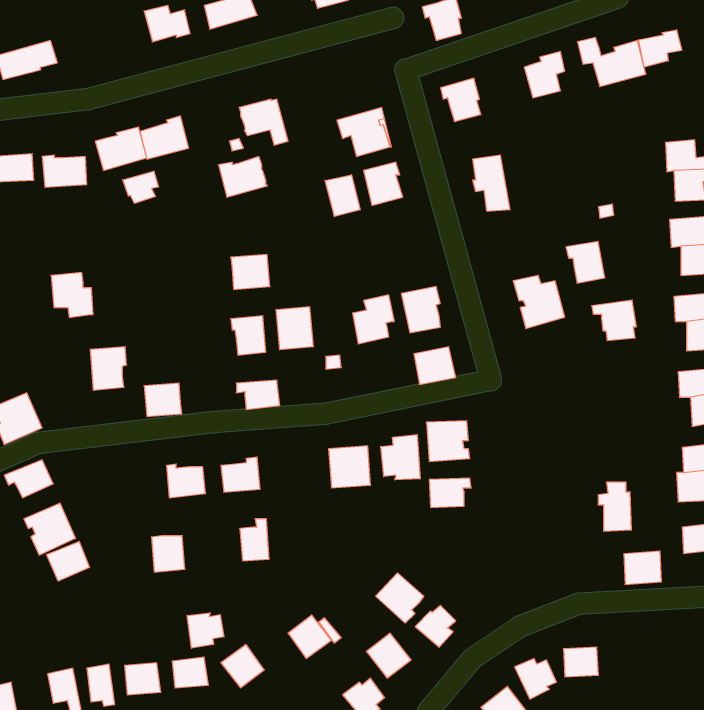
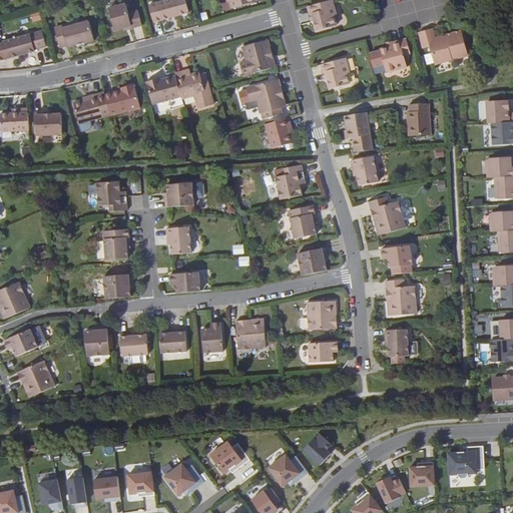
building: none -> [52,20,92,46]
building: [638,30,682,67] -> none
building: none -> [237,39,273,74]
building: none -> [407,102,430,135]
building: [218,157,267,197] -> [144,74,179,103]
building: [123,171,159,203] -> none
building: [325,175,360,217] -> none
building: [566,241,605,283] -> [353,156,381,186]
building: [51,273,93,317] -> [99,180,129,212]
building: [352,295,394,344] -> [278,164,308,199]
building: [592,300,636,341] -> [383,245,415,275]
building: [276,307,313,350] -> none
building: [90,347,127,390] -> [106,228,132,260]
building: none -> [388,280,419,317]
building: [381,435,420,480] -> none
building: [598,482,632,531] -> [387,323,411,358]
building: [240,519,269,561] -> [204,323,225,353]
building: [151,536,185,572] -> [86,330,110,356]
building: [47,541,89,581] -> none
building: [624,551,661,585] -> [447,449,474,473]
building: [376,573,424,623] -> none
building: [187,613,224,648] -> none

